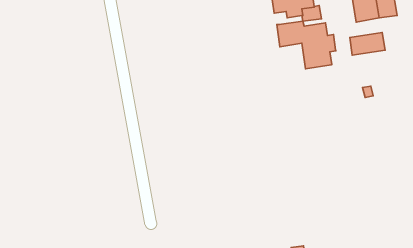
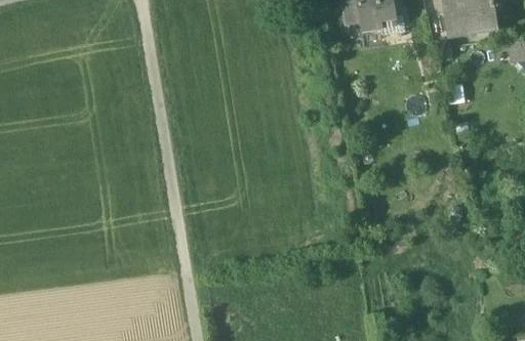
building: [277,21,336,69] -> none
building: [350,33,385,55] -> none

